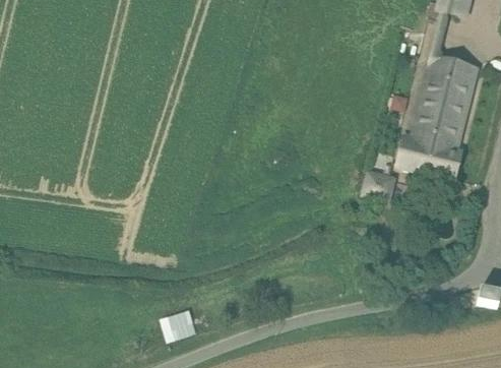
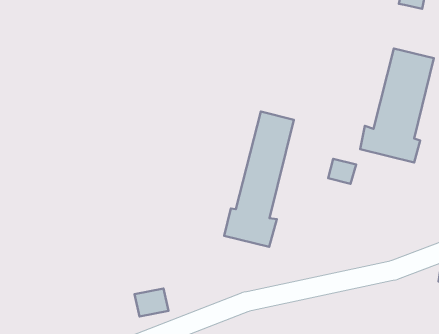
building: none -> [224,111,294,247]

